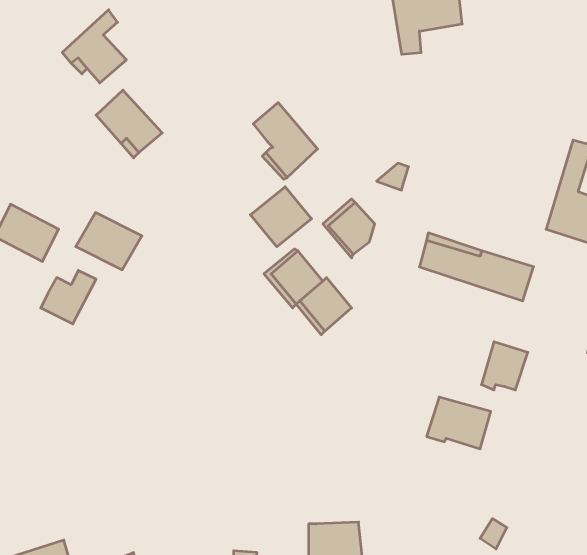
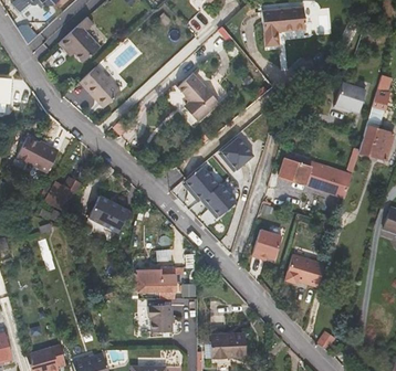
building: none -> [334,83,365,113]
building: [250,187,312,247] -> none
building: [76,213,142,270] -> [88,195,129,231]
building: [481,342,528,390] -> [253,231,282,261]
building: none -> [136,267,184,290]
building: none -> [148,305,171,331]

